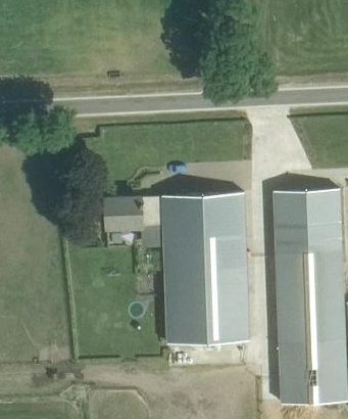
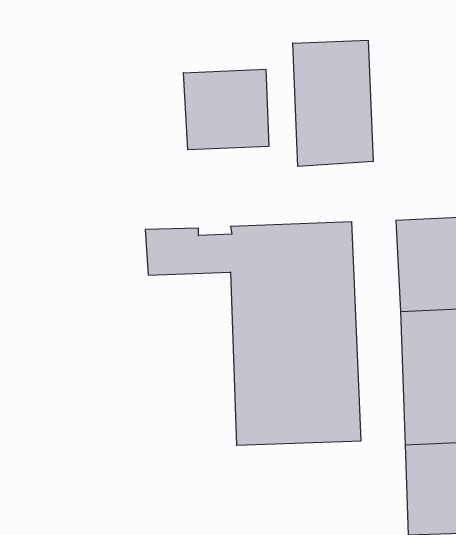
building: none -> [293,40,373,166]
building: none -> [183,69,269,150]

